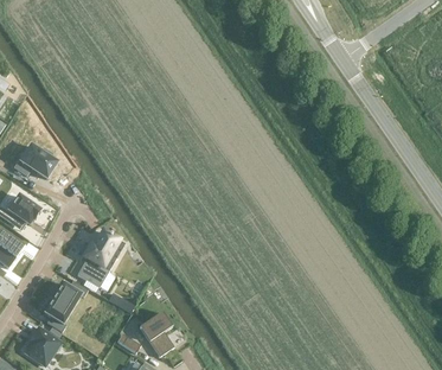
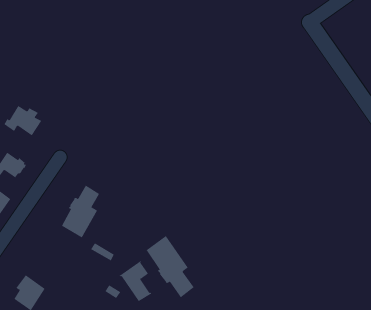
building: [44,280,87,331] -> none
building: none -> [146,235,195,298]

